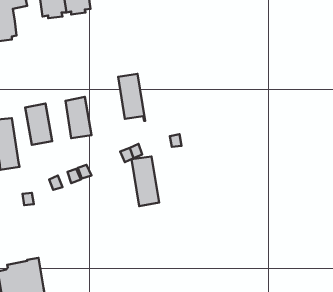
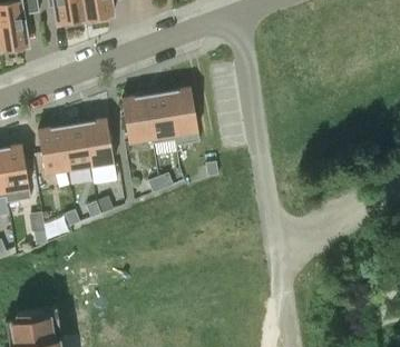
building: none -> [121,95,153,143]
building: none -> [60,122,90,169]
building: [131,156,159,206] -> [167,88,199,146]

